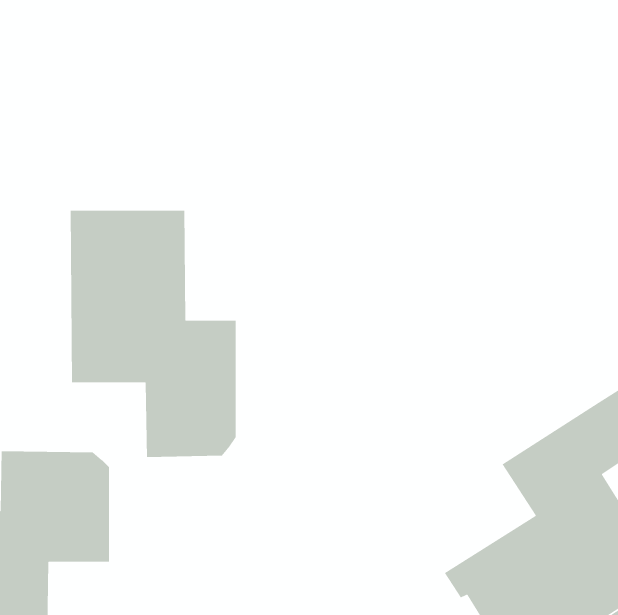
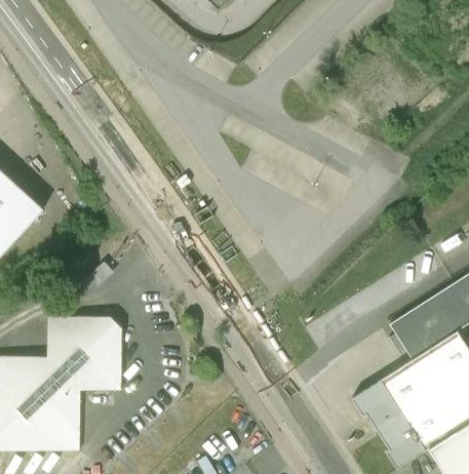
building: [70,210,236,458] -> none

